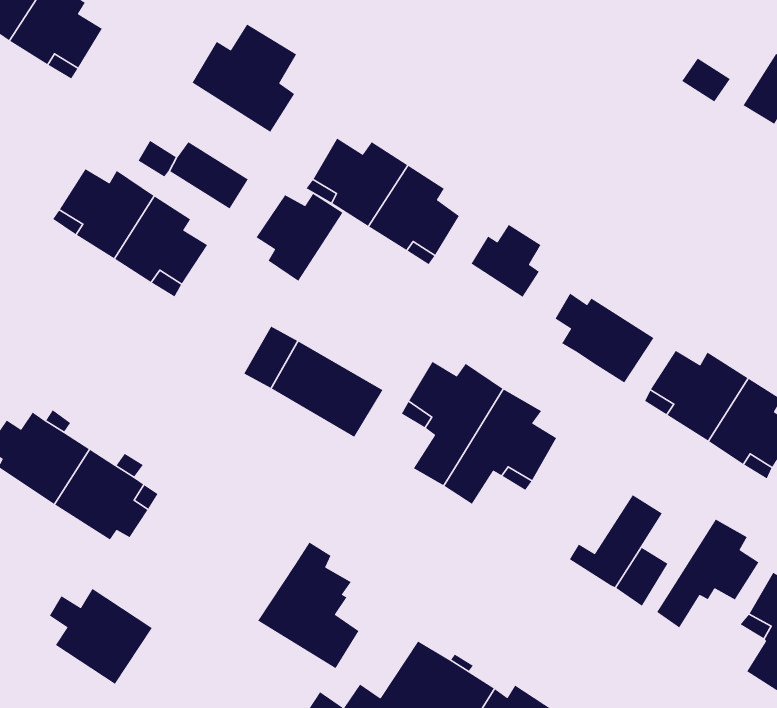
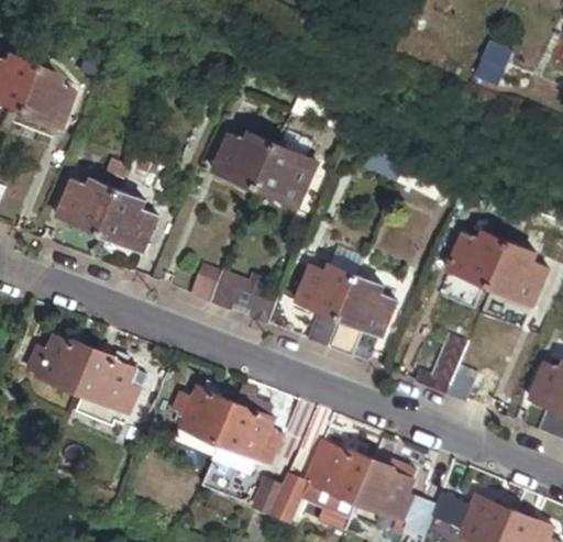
building: [192,23,297,133] -> none
building: [256,193,343,282] -> none
building: [471,224,542,298] -> none
building: [554,293,655,384] -> none
building: [656,519,760,628] -> none
building: [49,588,153,685] -> [176,388,242,446]

